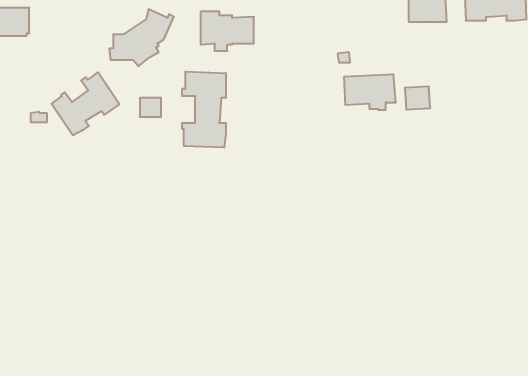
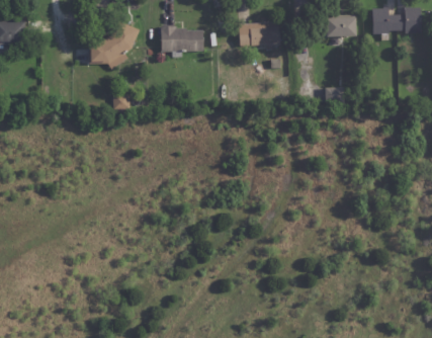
building: [182,71,226,148] -> none
building: [52,72,119,135] -> none
building: [344,74,396,110] -> [239,21,280,50]

